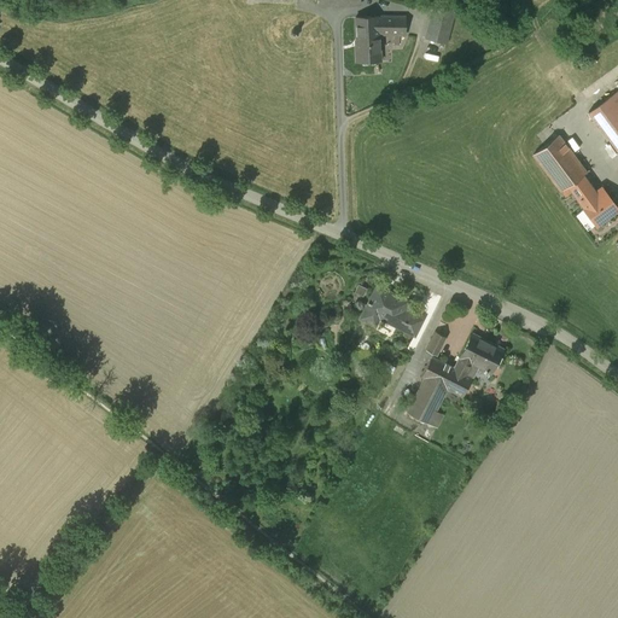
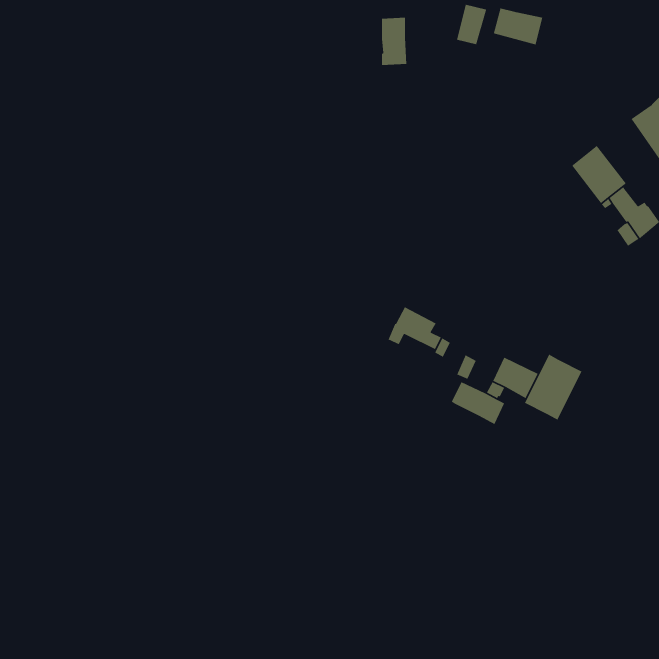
building: none -> [493,7,543,45]
building: [380,17,416,36] -> none
building: none -> [524,354,583,421]
building: [408,379,448,428] -> none

